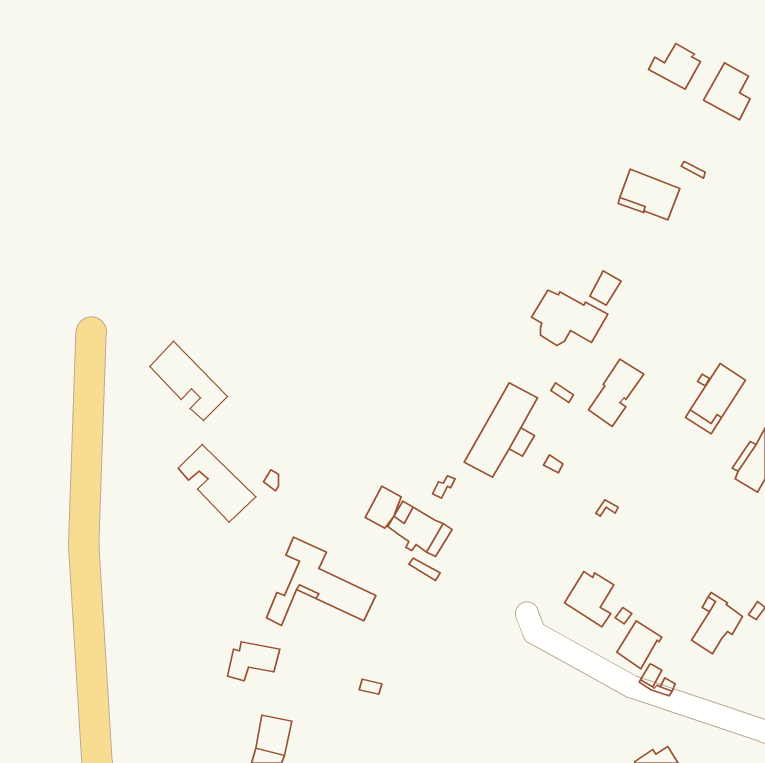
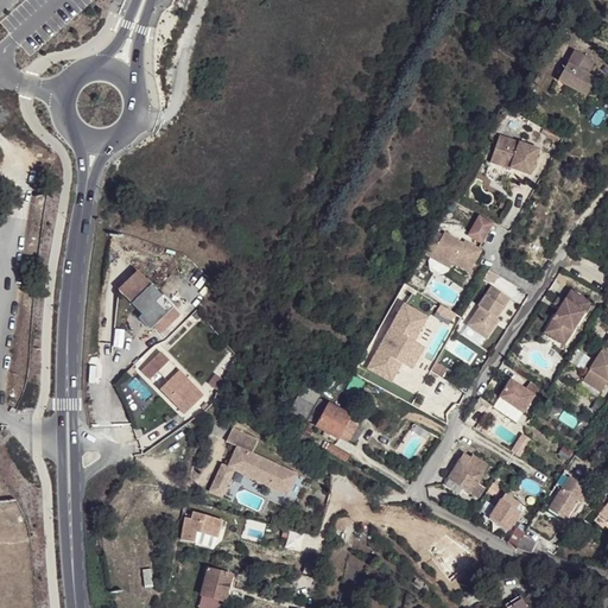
building: [648,44,701,89] -> none
building: none -> [499,379,547,412]

